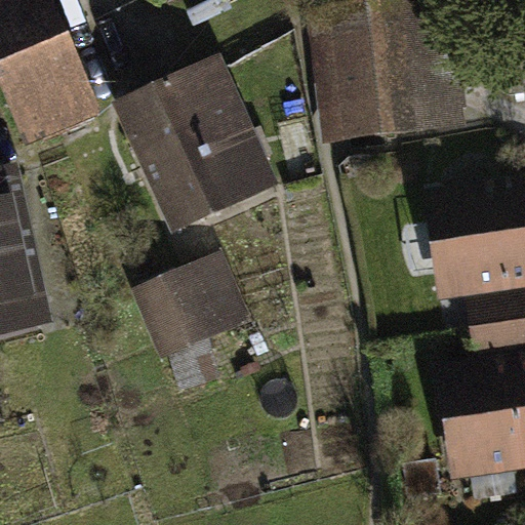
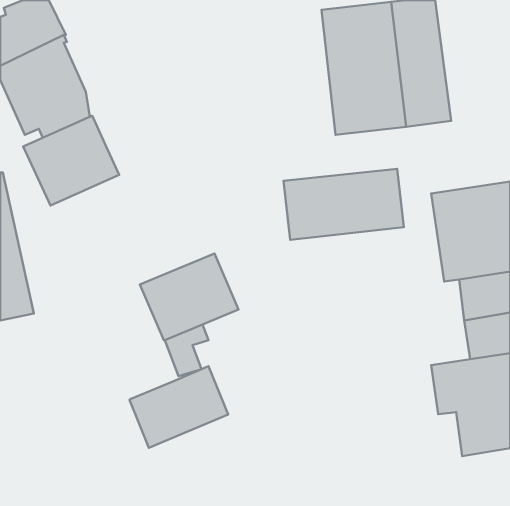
building: [127,75,271,224] -> none
building: none -> [23,116,119,206]
building: none -> [283,169,404,240]
building: none -> [129,366,228,448]

